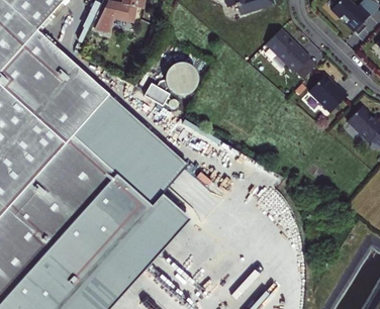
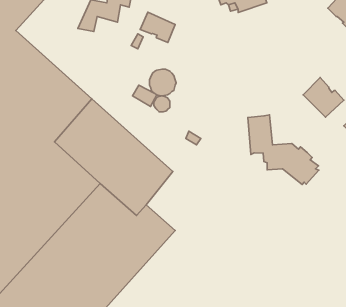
building: none -> [140,12,175,42]
building: [266,28,309,73] -> none
building: none -> [248,115,319,185]

